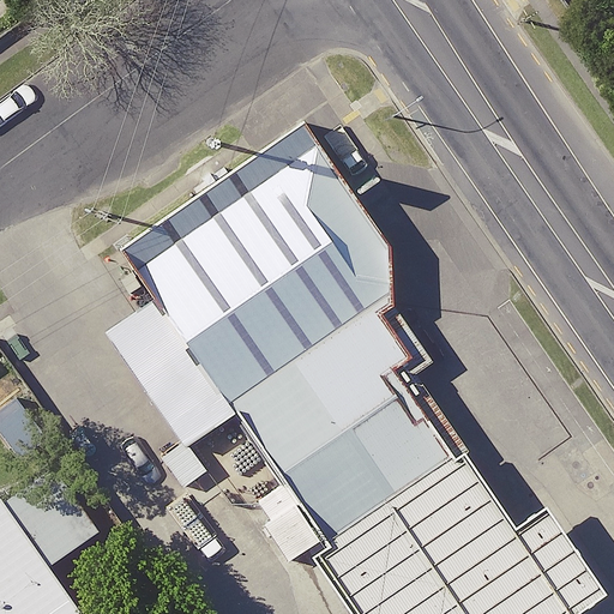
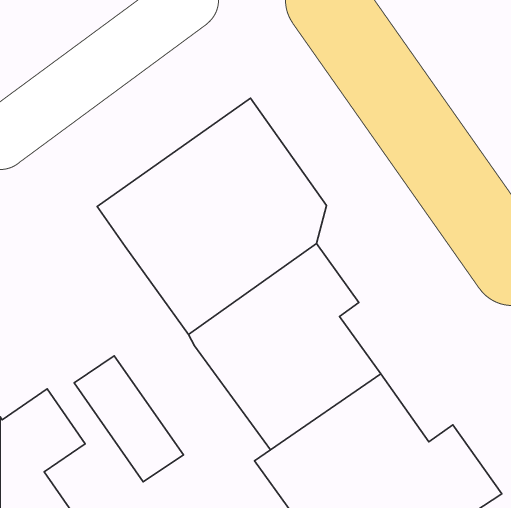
building: [103,300,234,451] -> [74,356,183,482]

